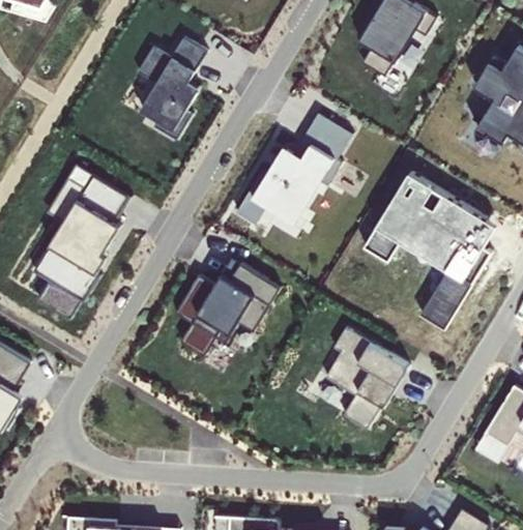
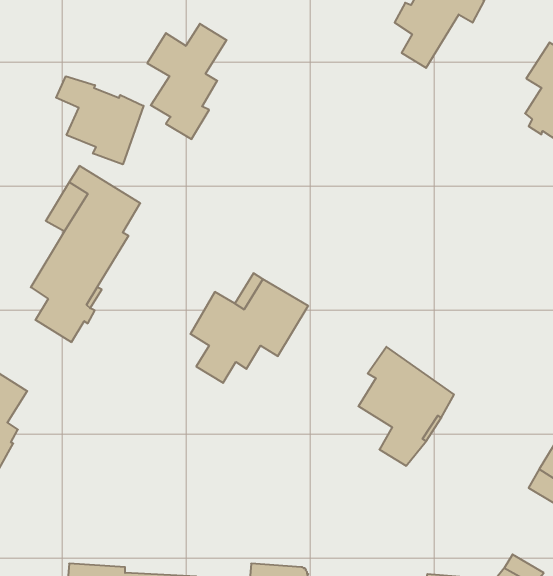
building: none -> [56,76,144,164]
building: [235,112,352,224] -> none
building: [364,172,491,328] -> none

